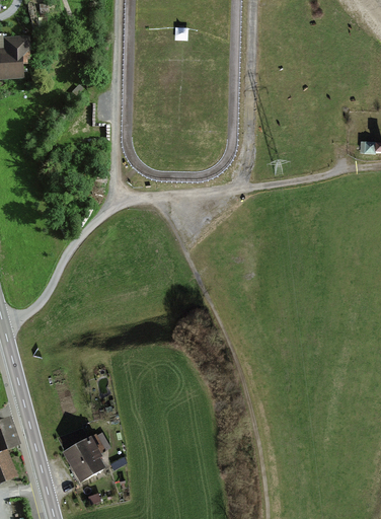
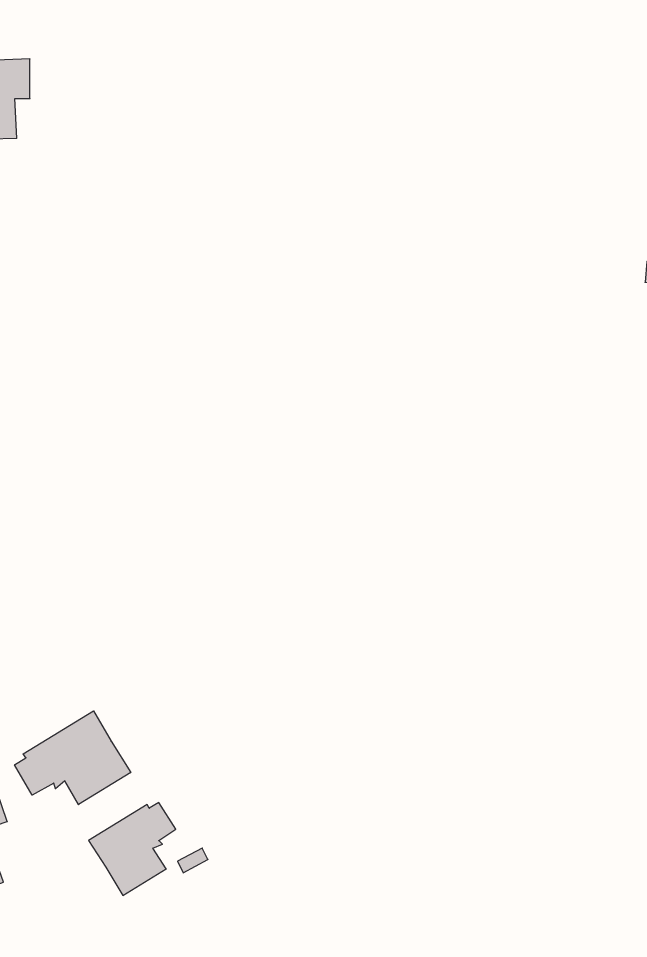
building: none -> [15,711,131,805]

